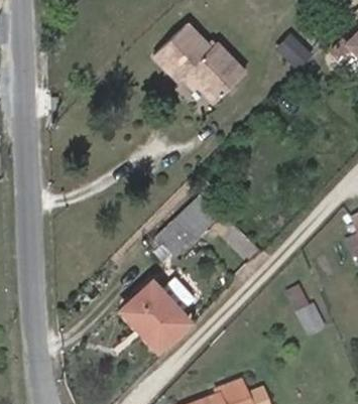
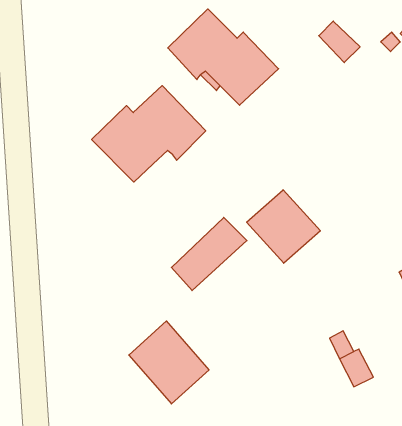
building: none -> [92,86,206,182]
building: none -> [247,190,320,263]

